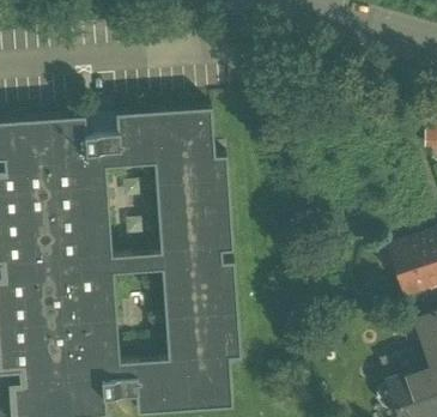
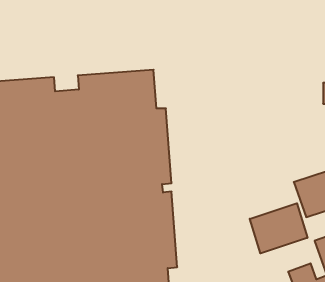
building: none -> [250,203,307,253]

